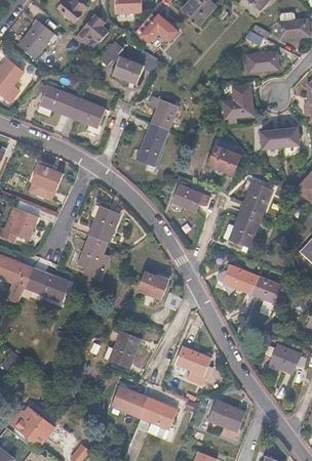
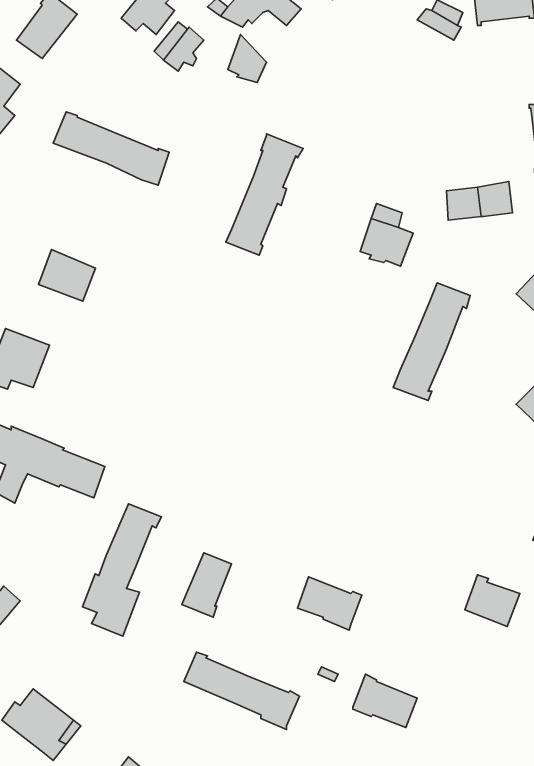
building: [243,50,277,72] -> none
building: [112,56,143,83] -> none
building: [223,84,254,118] -> none
building: [171,183,202,212] -> none
building: [77,207,121,281] -> [82,504,161,636]
building: [216,264,282,303] -> none
building: [137,269,168,299] -> none

